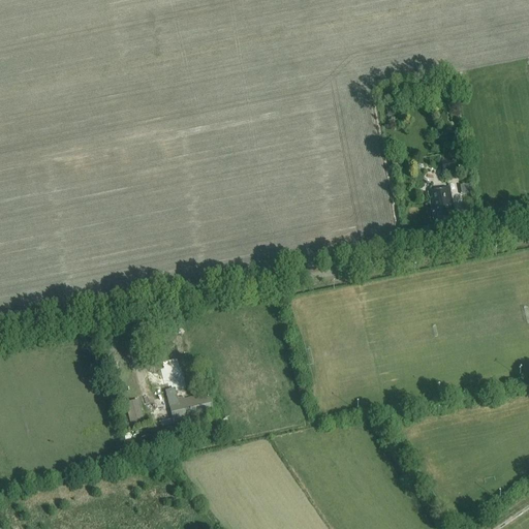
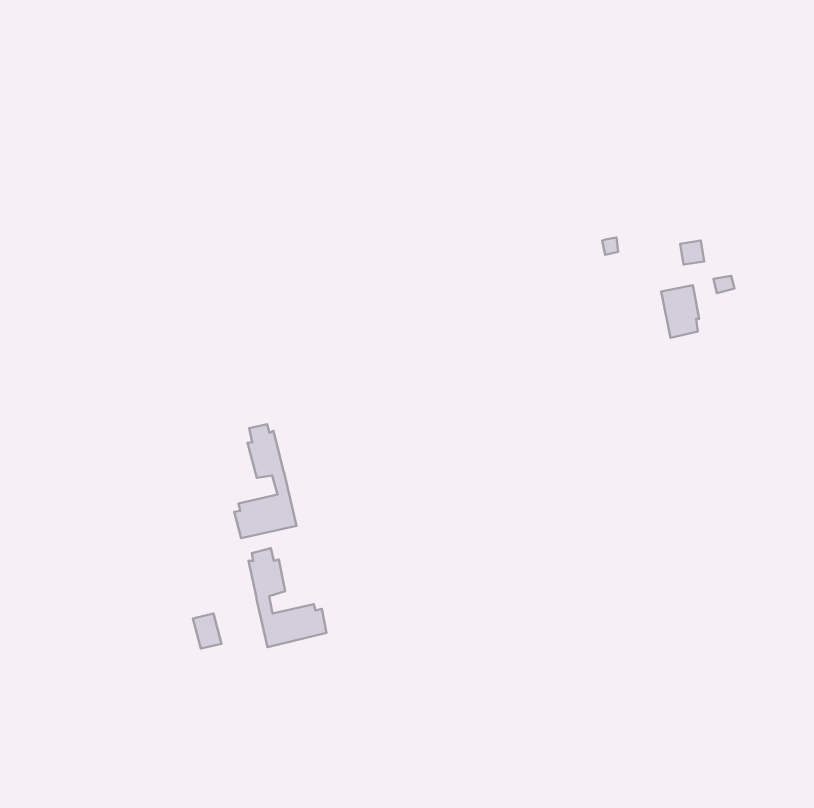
building: none -> [234,424,296,538]

